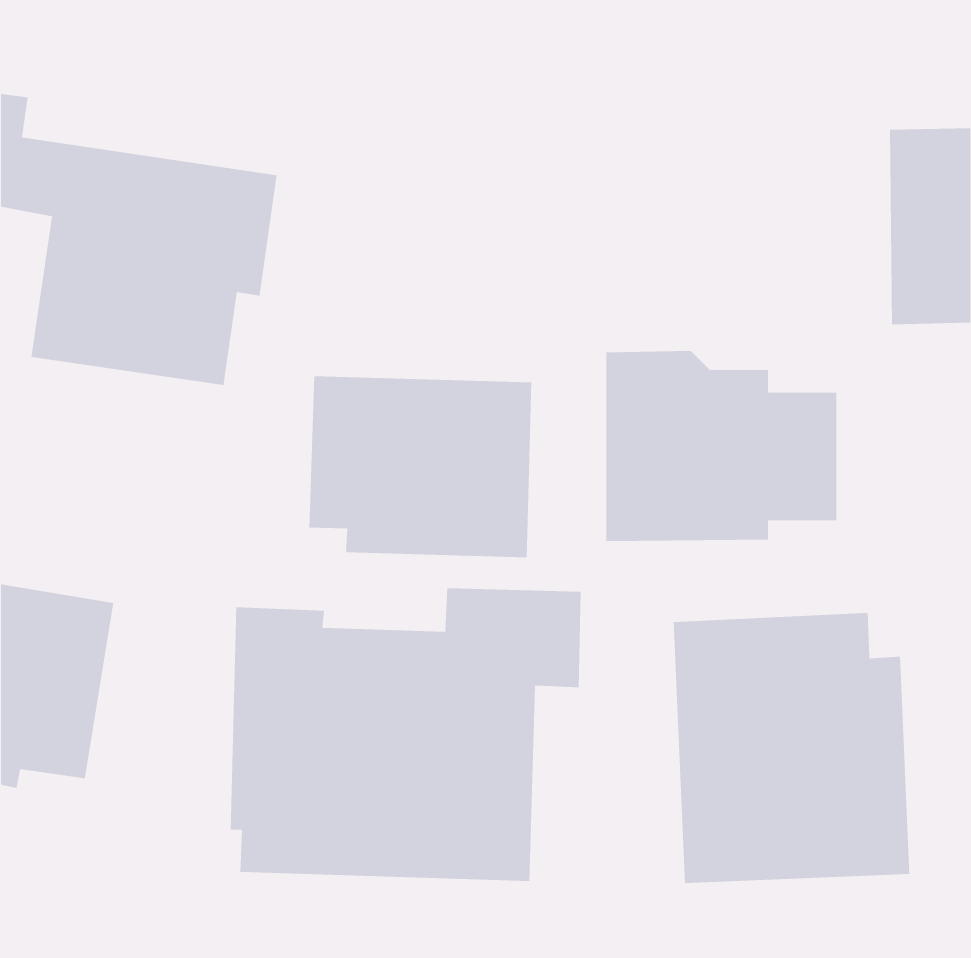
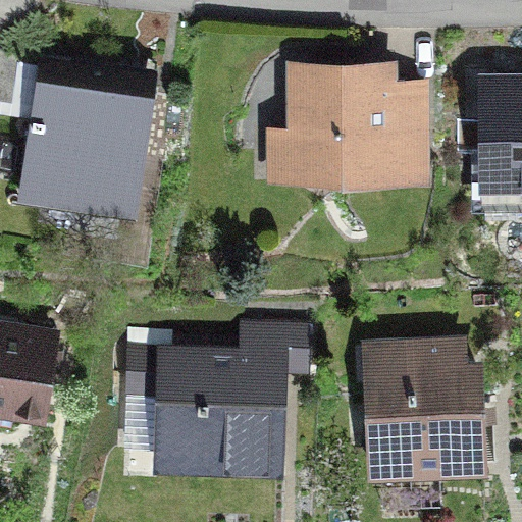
building: [605,350,837,542] -> [295,76,419,179]
building: [308,376,532,558] -> none

